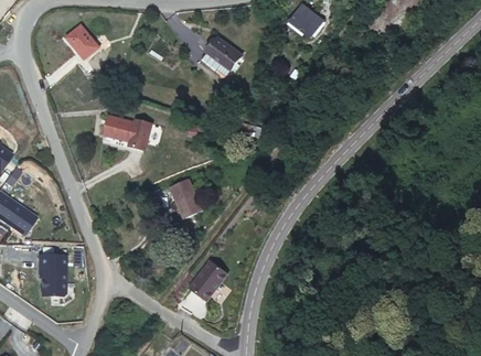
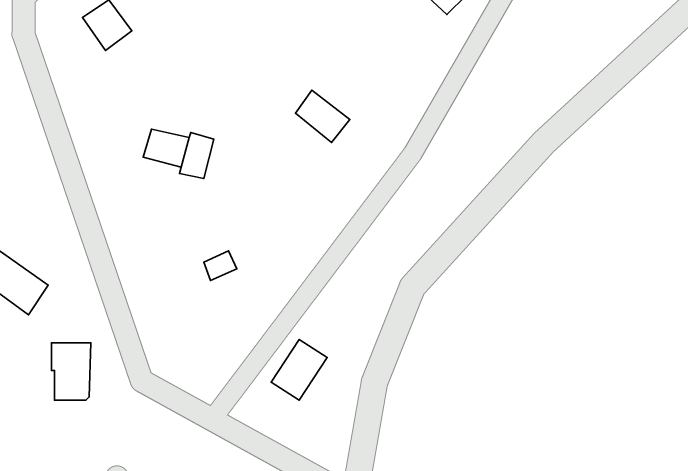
building: [203,37,239,73] -> [296,90,350,143]
building: [167,184,196,220] -> none

